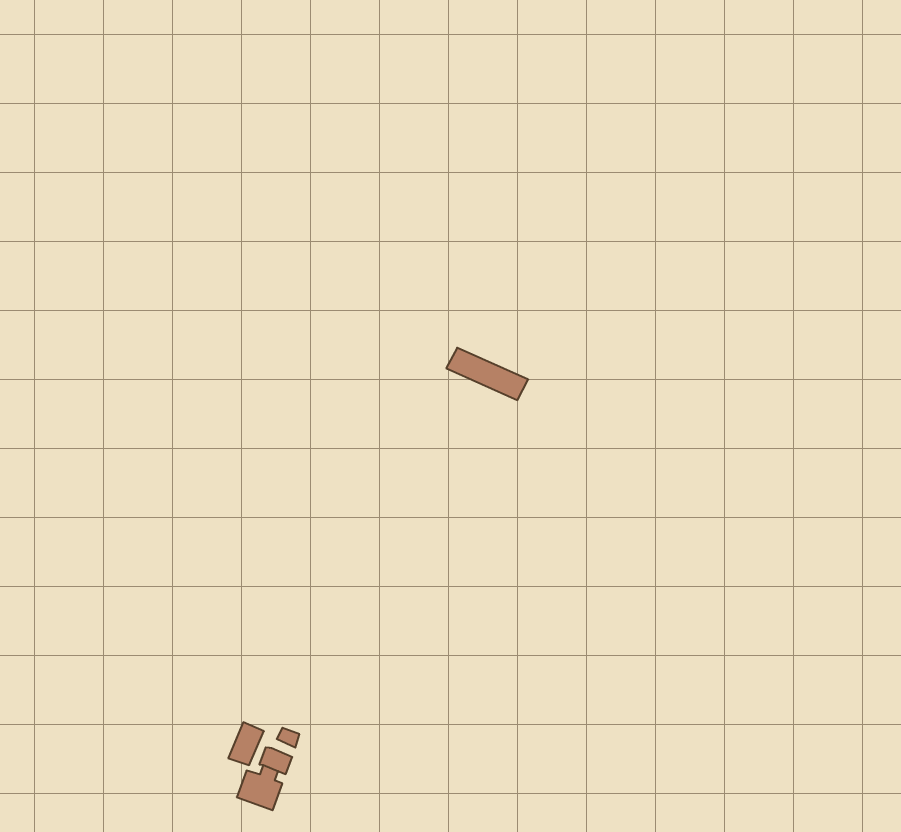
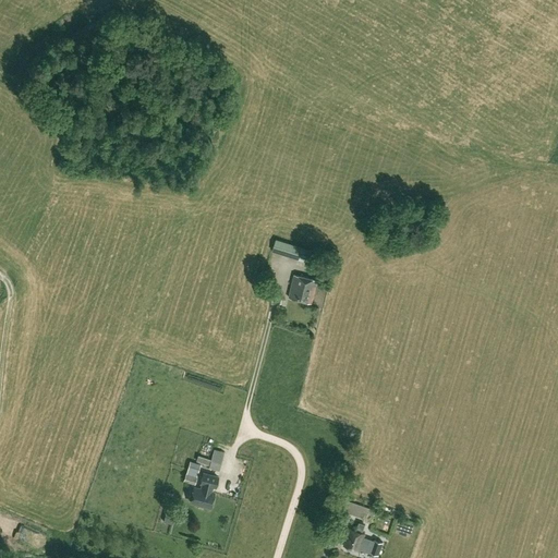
building: none -> [289,275,317,303]

